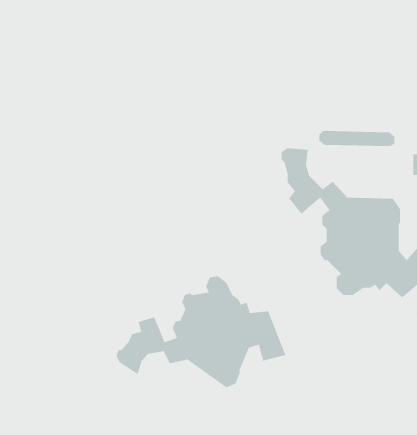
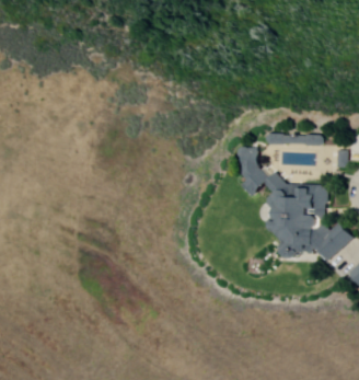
building: [116,275,286,388] -> none

